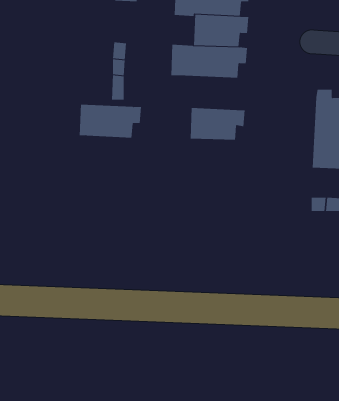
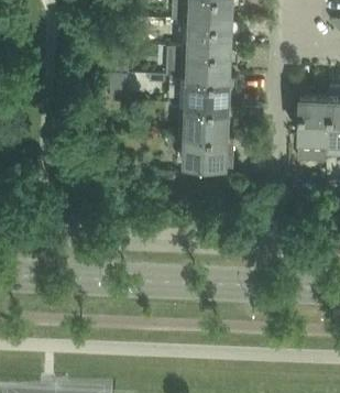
building: [79,104,142,138] -> [178,78,235,109]
building: none -> [183,135,233,166]

